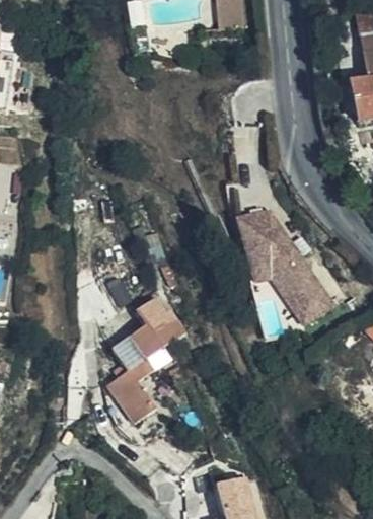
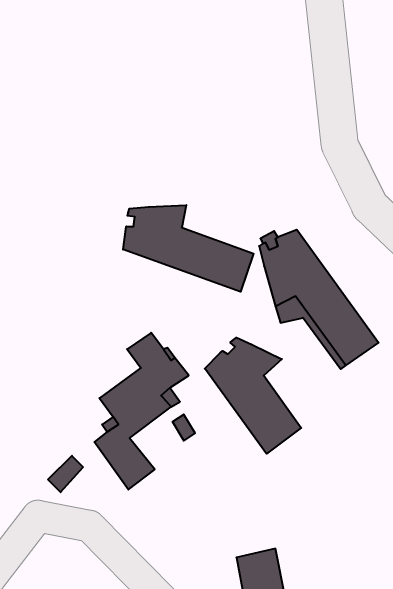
building: none -> [123,205,254,292]
building: none -> [205,338,301,454]

